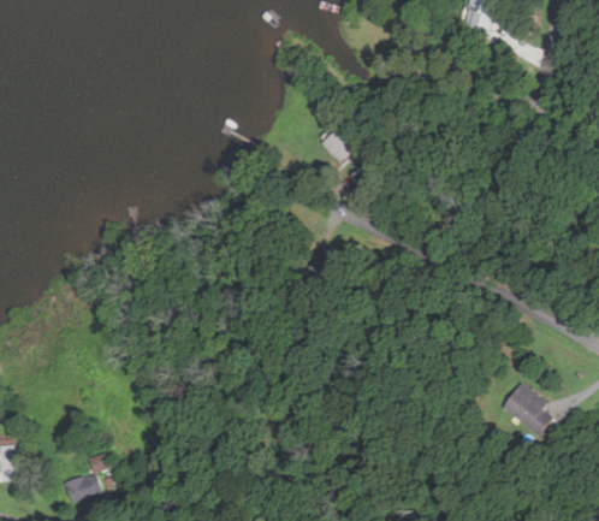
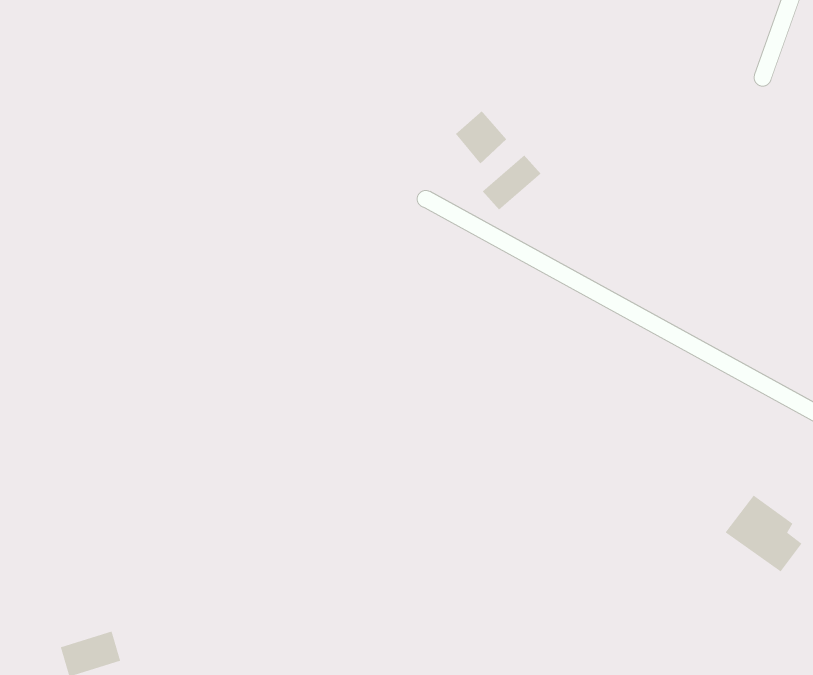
building: none -> [482,155,541,211]

